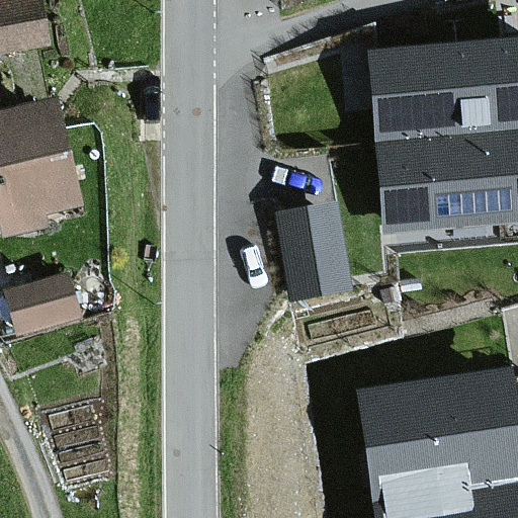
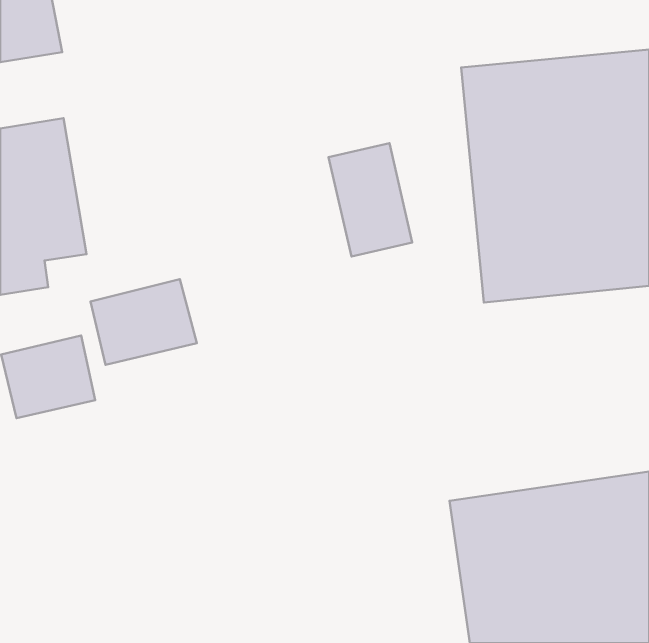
building: [276,201,343,291] -> [328,143,412,256]
building: none -> [90,279,197,365]

